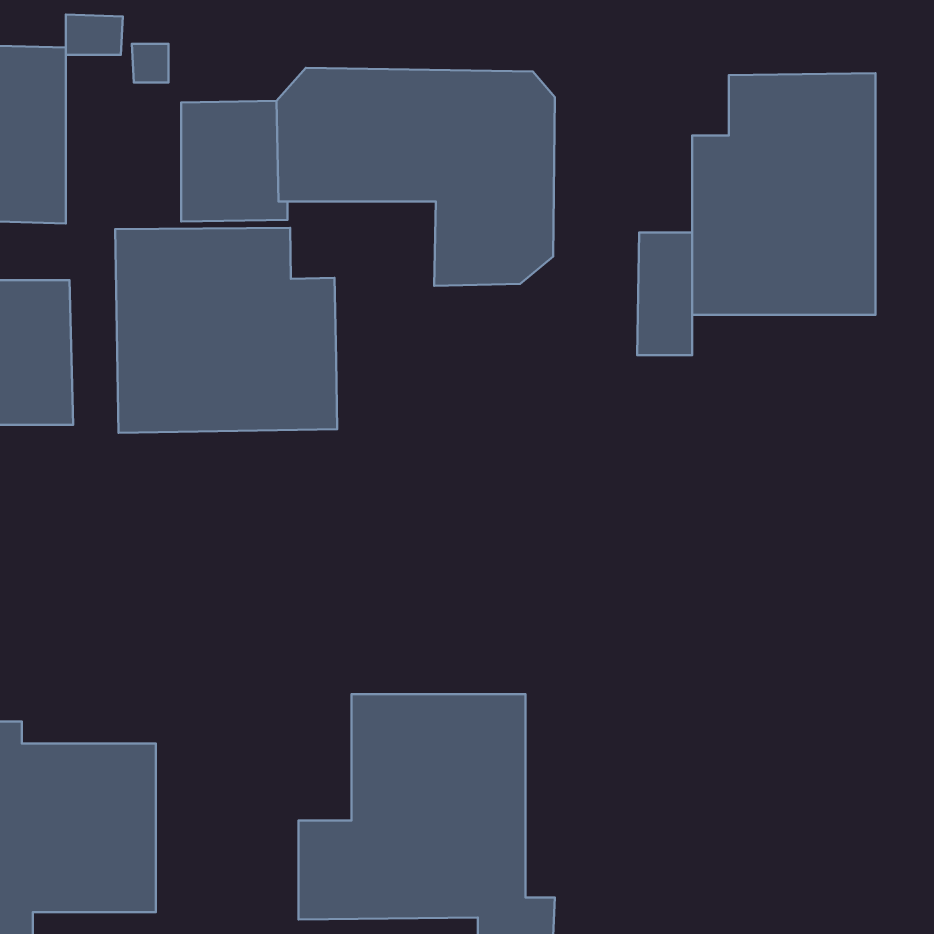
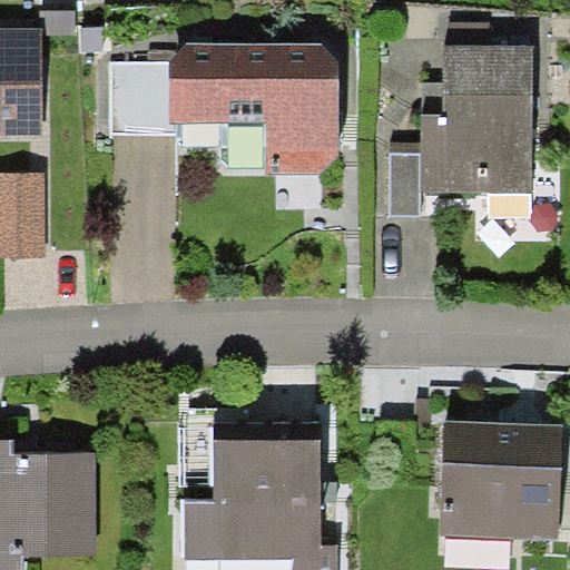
building: [115,228,337,433] -> none
building: none -> [439,422,561,539]

